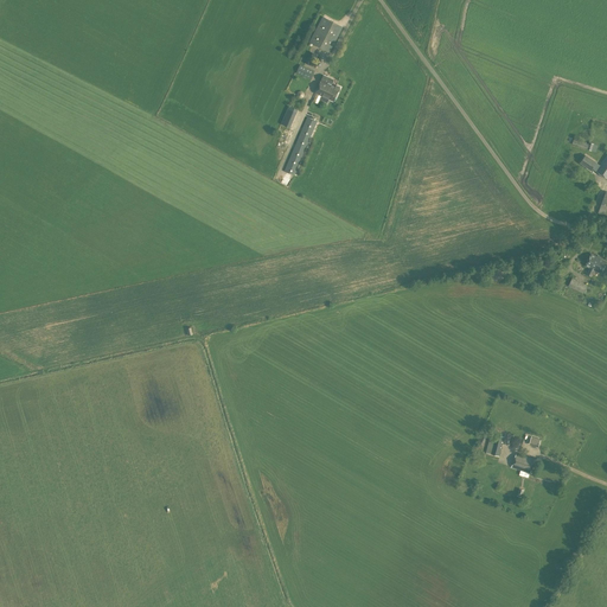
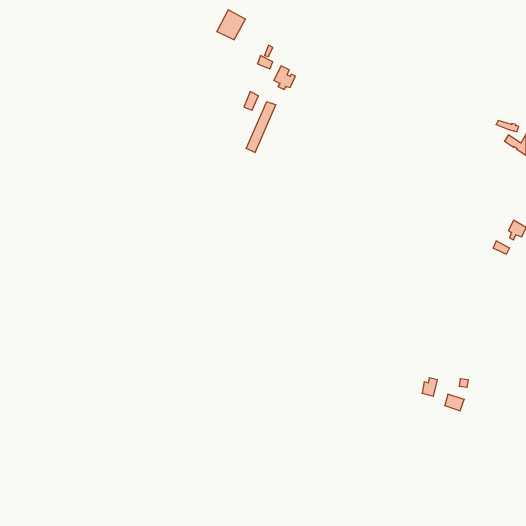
building: [309,17,343,51] -> [217,10,246,40]

